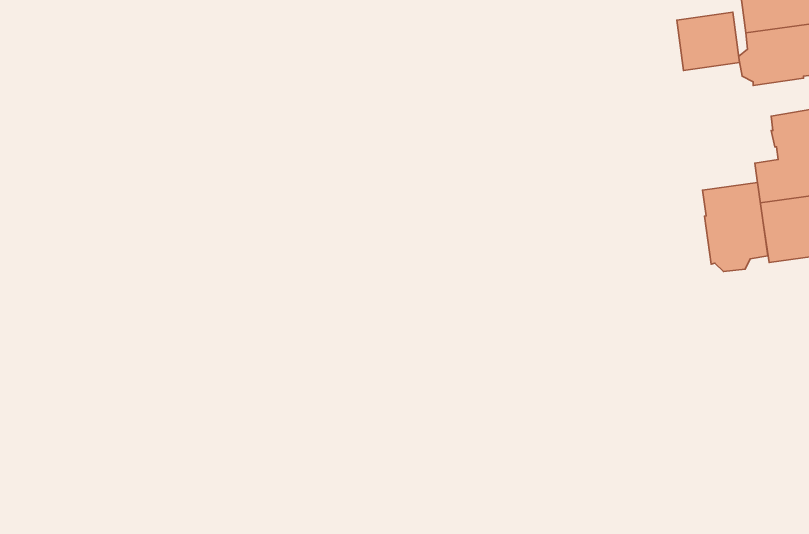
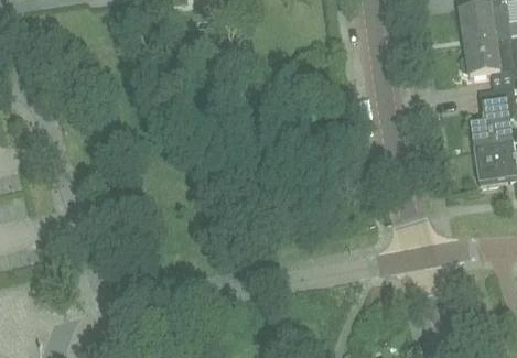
building: [677,12,739,71] -> none
building: [702,183,768,271] -> none

